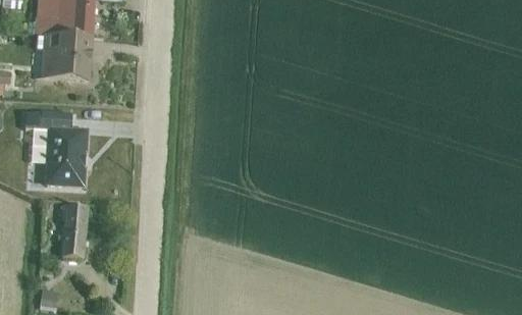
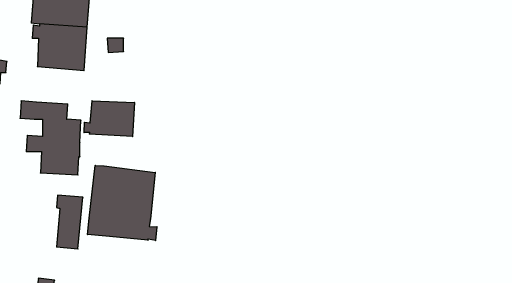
building: none -> [84,101,134,137]
building: none -> [88,165,157,241]

